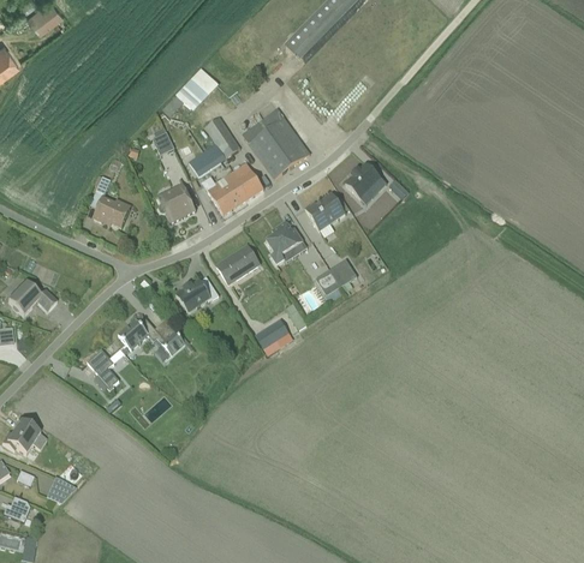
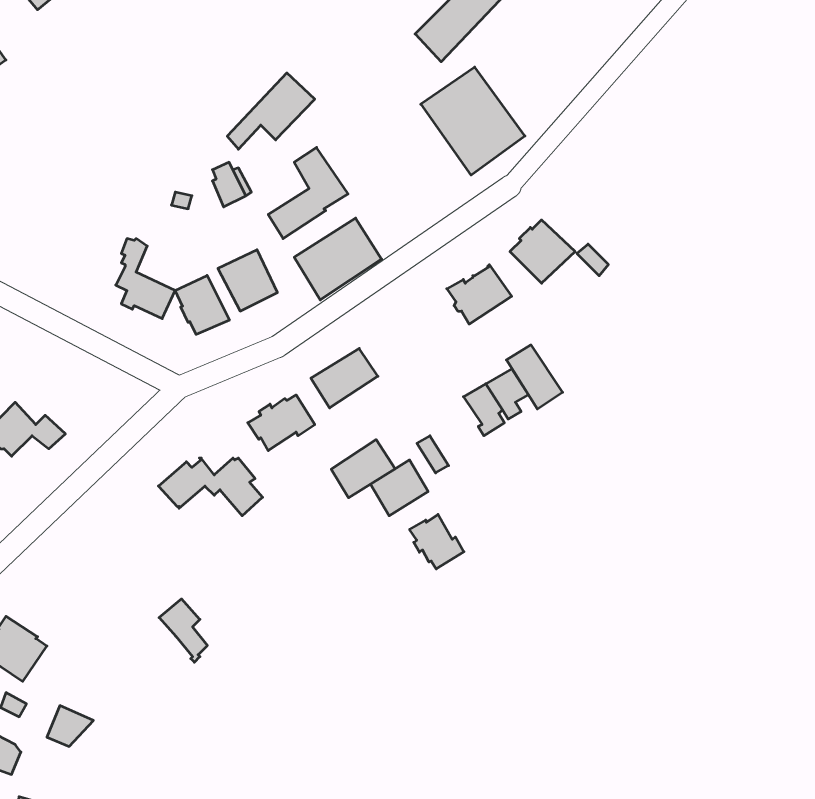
building: [242,108,309,178] -> [421,67,525,175]
building: none -> [175,275,229,334]
building: [266,221,303,264] -> none
building: none -> [506,345,563,409]
building: none -> [331,440,395,498]
building: [87,349,118,390] -> [159,599,207,662]
building: none -> [410,514,464,569]

